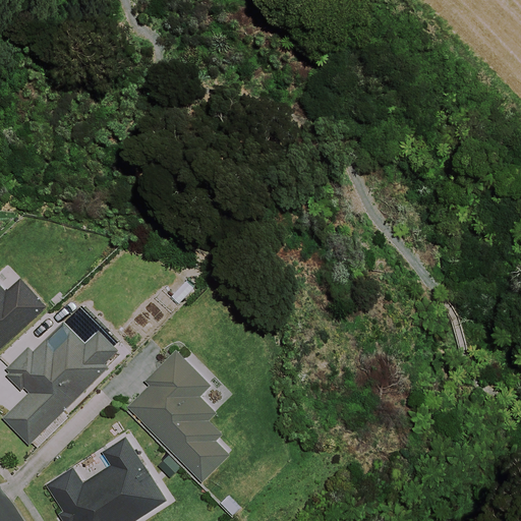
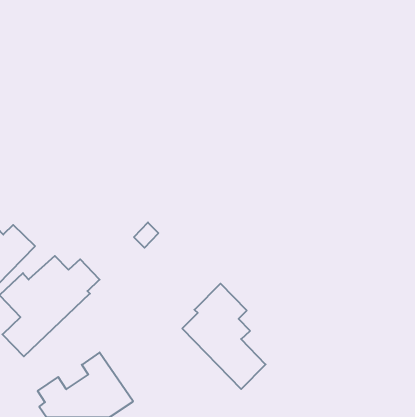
building: [128,351,232,482] -> [182,284,266,389]

